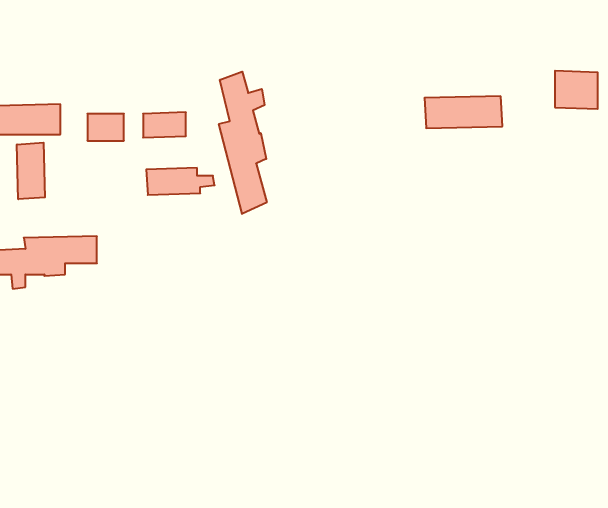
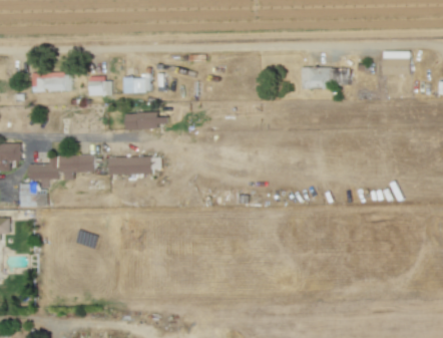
building: [219,72,267,214] -> none
building: [17,143,45,199] -> none
building: none -> [108,156,151,175]

